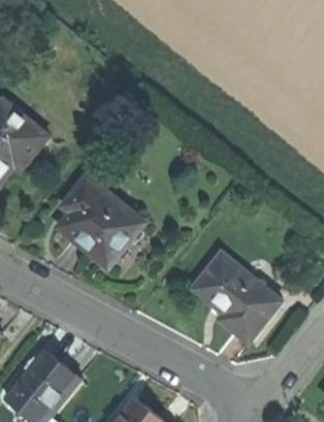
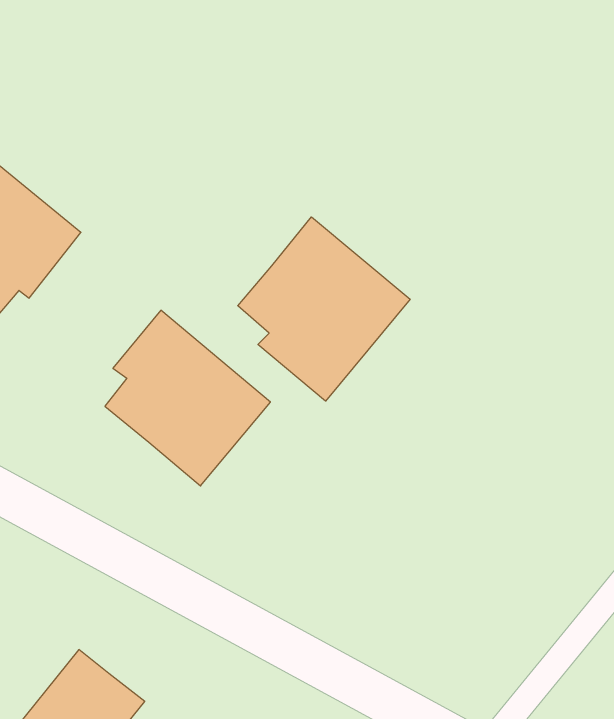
building: none -> [238,217,410,401]
building: [192,253,280,342] -> none

